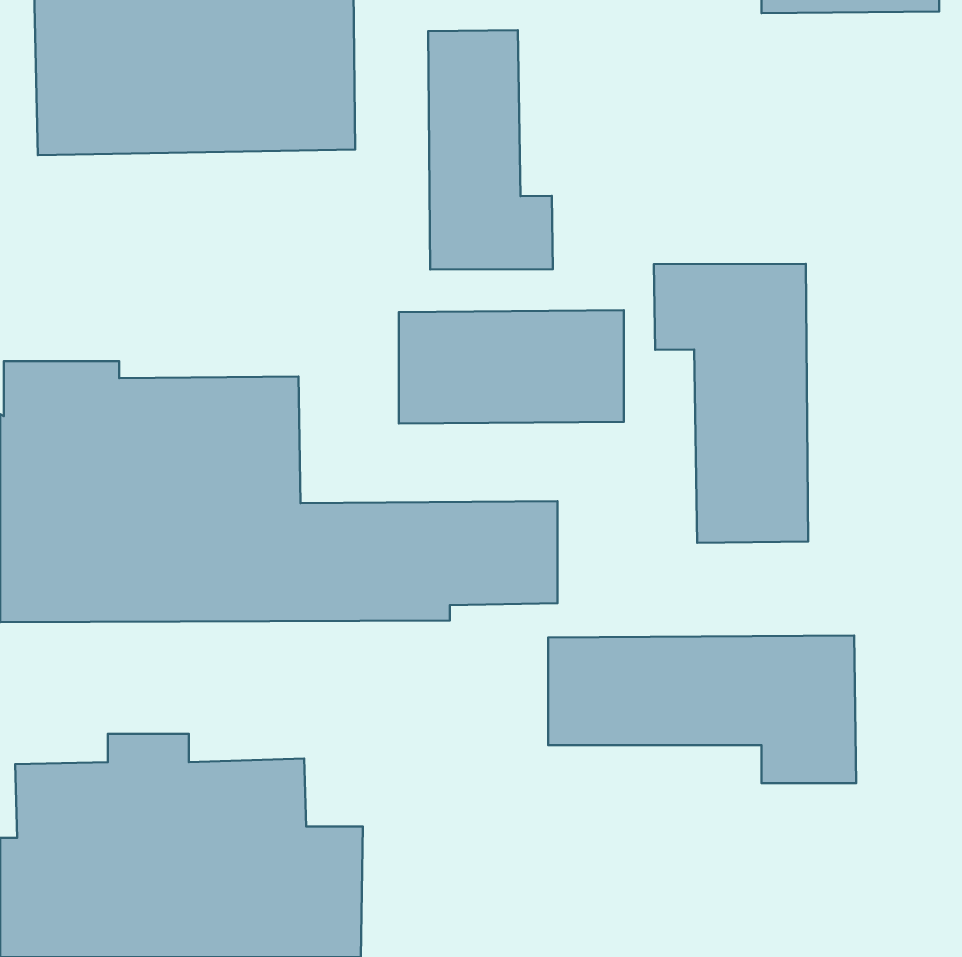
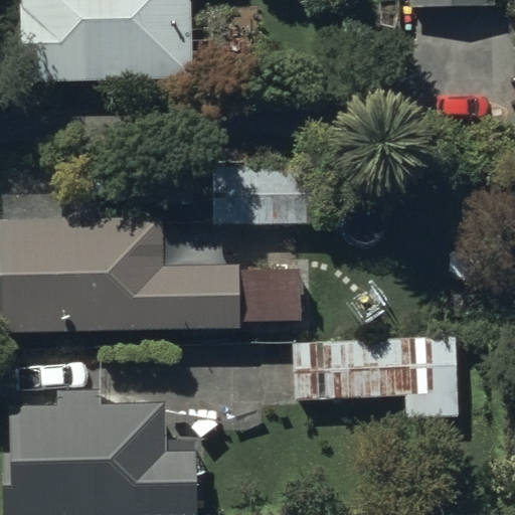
building: [428,30,553,270] -> none
building: [654,264,808,543] -> none

